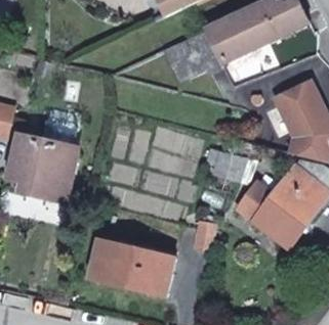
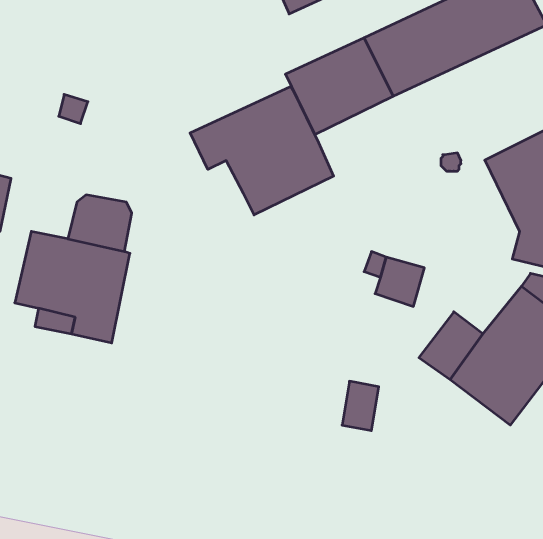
building: none -> [190,86,334,215]
building: [89,239,173,294] -> none

